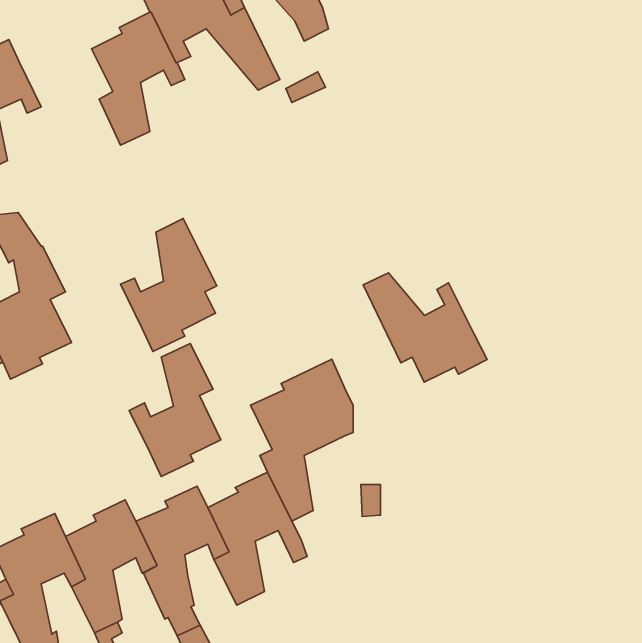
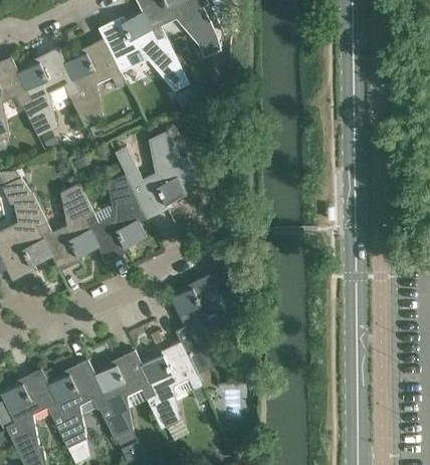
building: none -> [17,48,78,136]
building: none -> [125,132,196,219]
building: [363,273,487,382] -> none
building: [129,343,221,476] -> [37,184,97,271]

